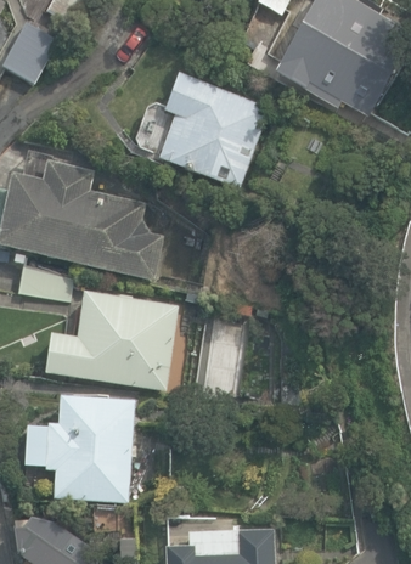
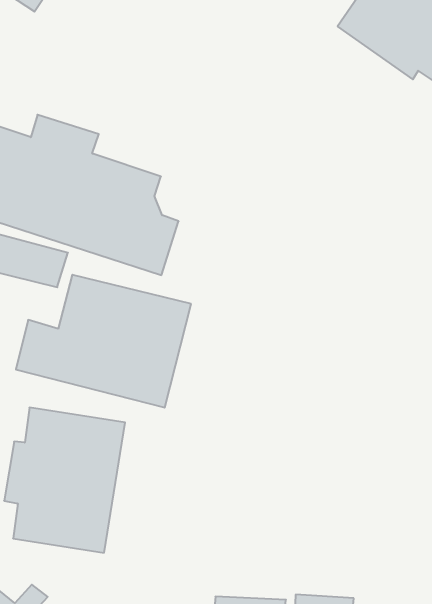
building: [136,75,268,187] -> none

